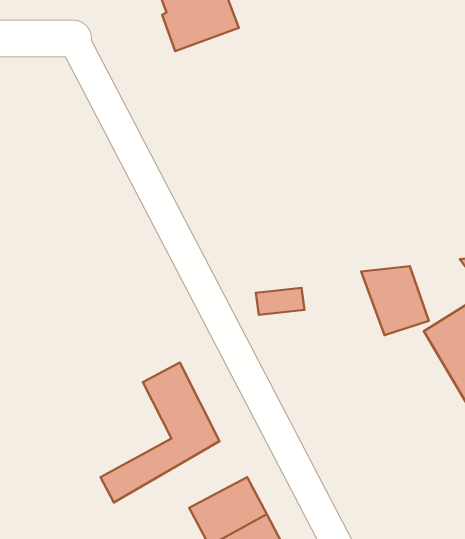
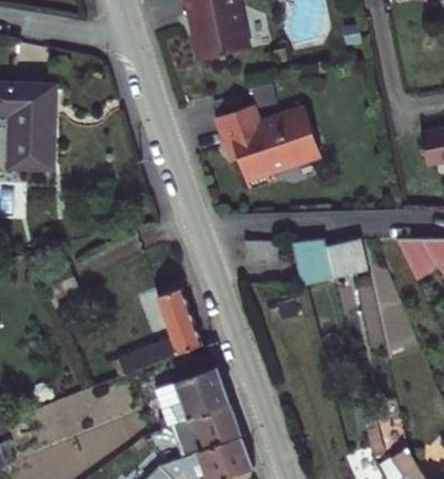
building: none -> [215,105,316,190]

